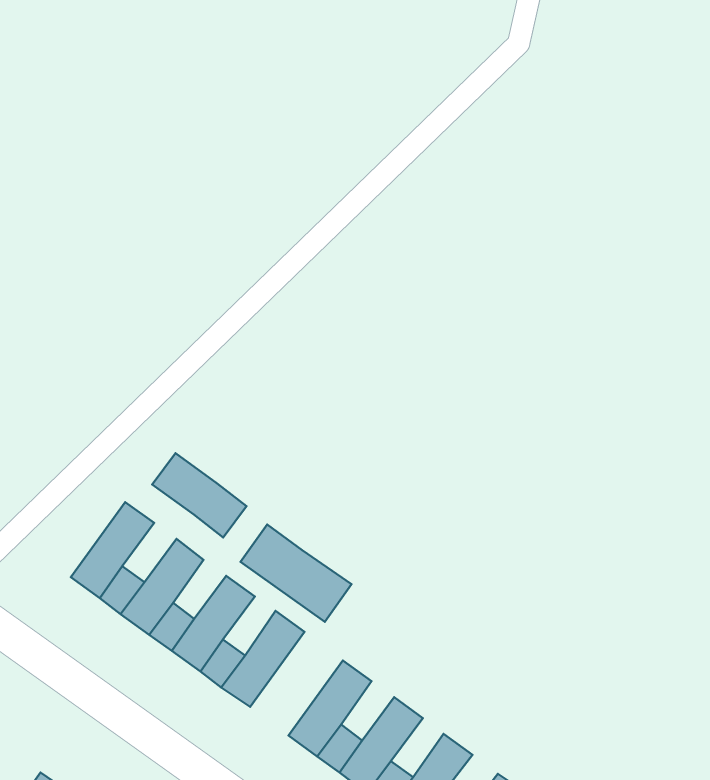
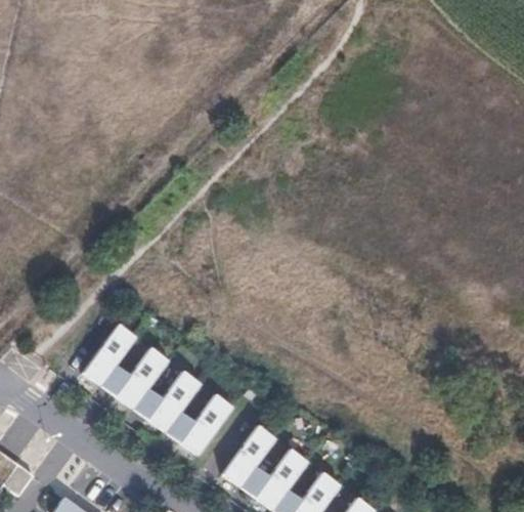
building: [152,453,247,537] -> none
building: [240,524,352,622] -> none

